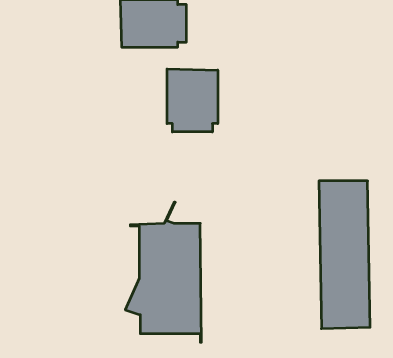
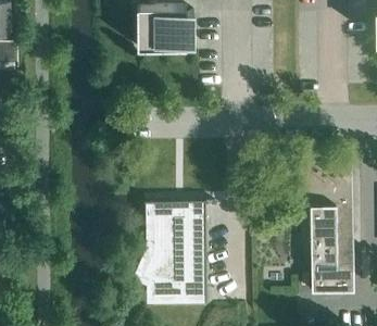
building: [167,69,218,132] -> none

